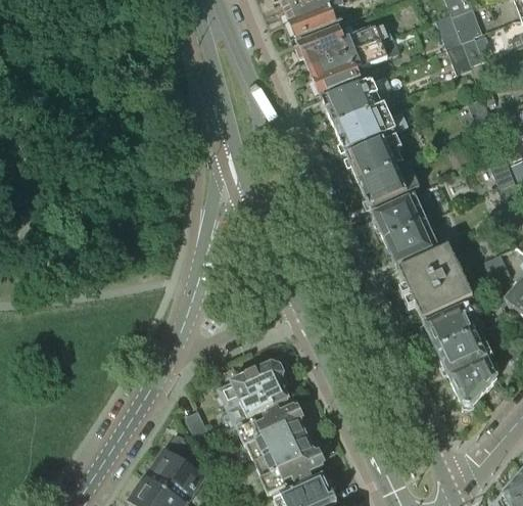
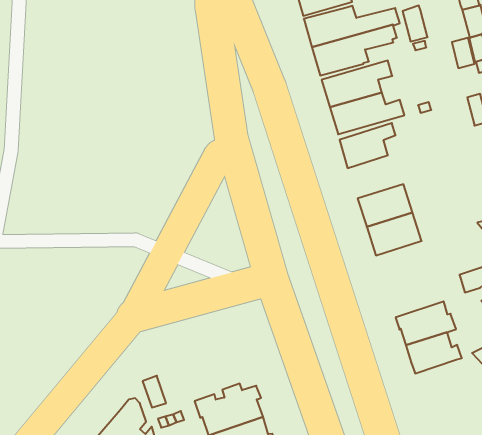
building: [435,11,463,47] -> [403,6,428,41]
building: [360,166,421,210] -> none
building: [400,244,473,319] -> none
building: [449,357,497,406] -> none
building: [218,362,289,424] -> none

